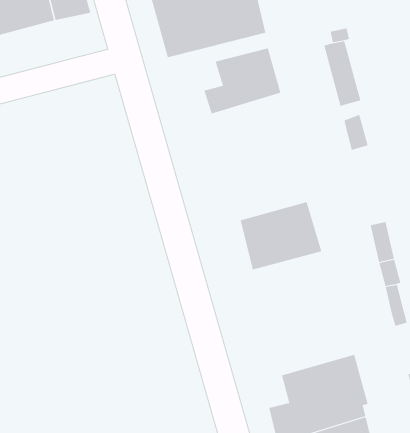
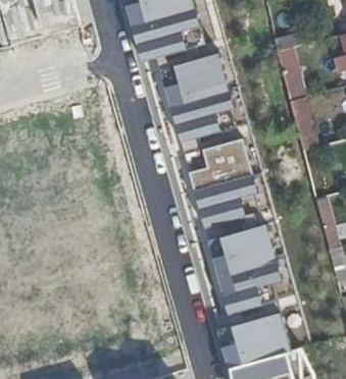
building: none -> [176,90,238,142]
building: none -> [195,139,254,194]
building: none -> [216,223,293,317]

